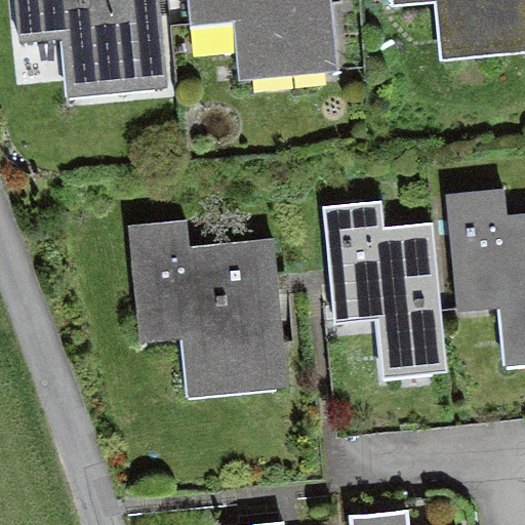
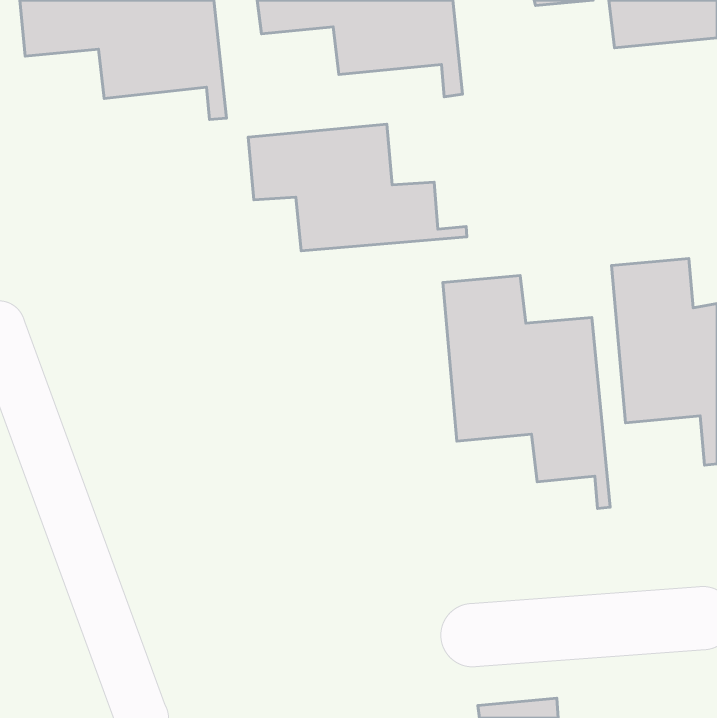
building: none -> [248,124,467,251]
building: [128,219,285,387] -> none

